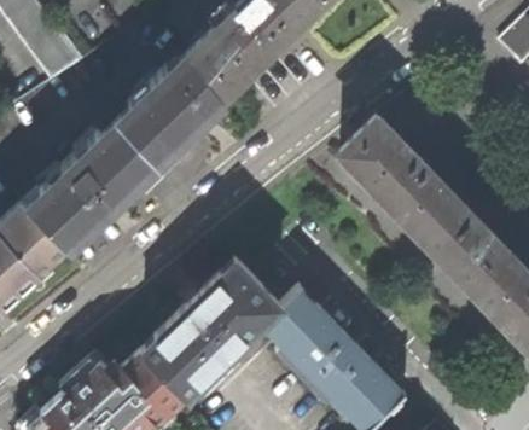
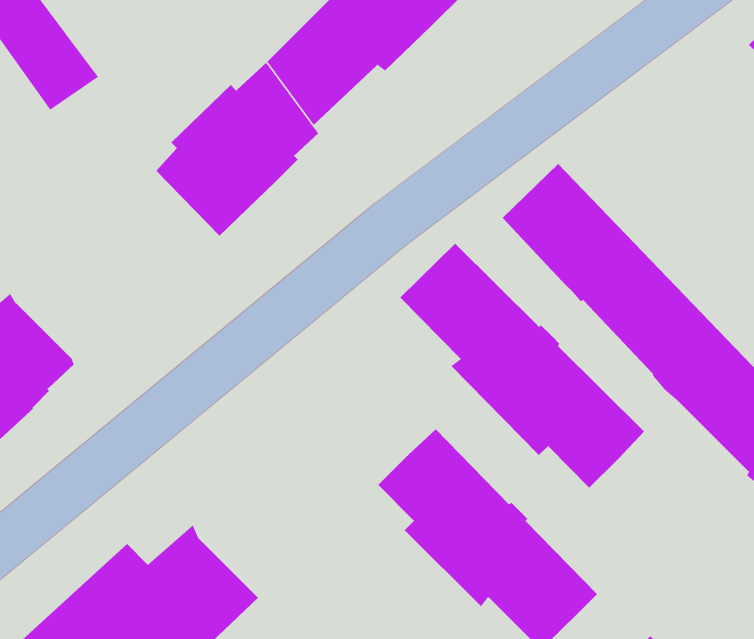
building: [28,122,158,246] -> none
building: none -> [399,243,645,488]
building: [145,265,279,397] -> none

